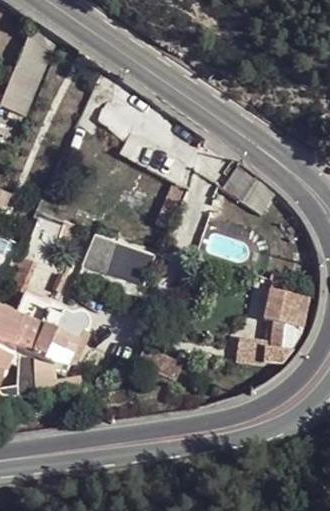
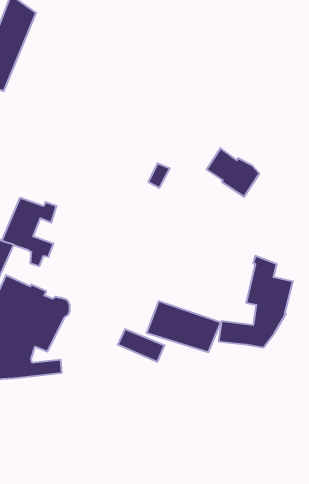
building: [81,236,154,286] -> [146,301,221,352]

